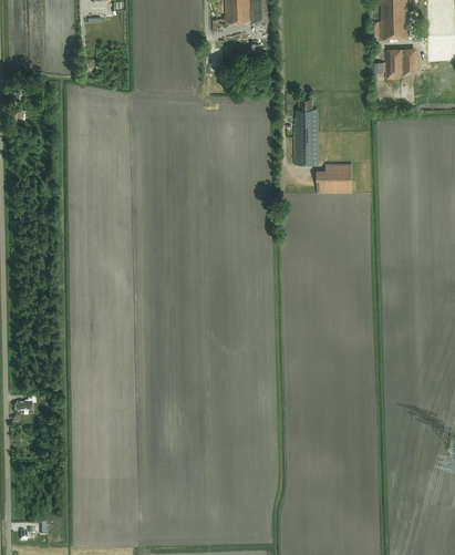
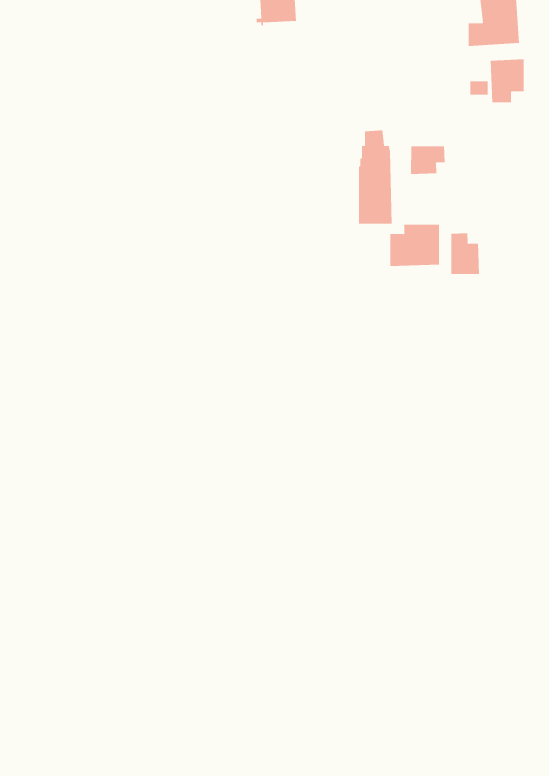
building: none -> [411,145,445,175]
building: none -> [451,232,480,275]

